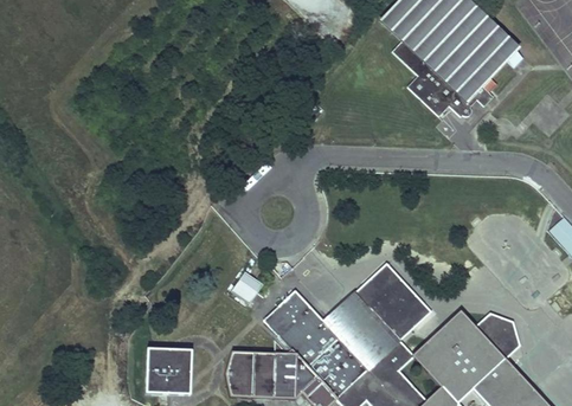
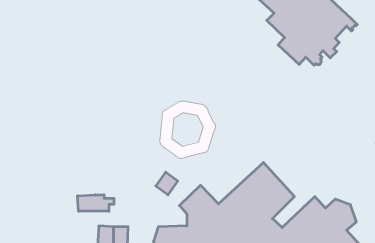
building: none -> [78,195,114,211]

